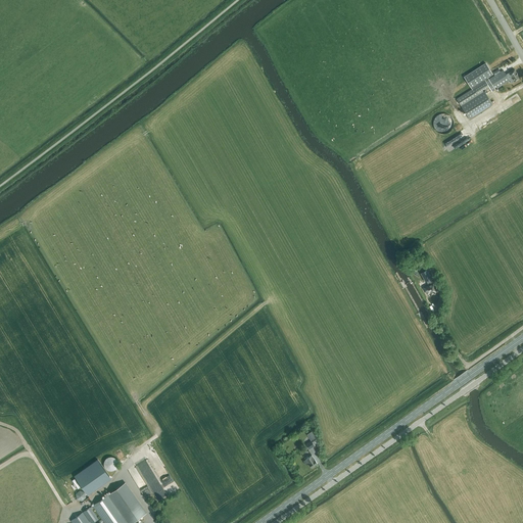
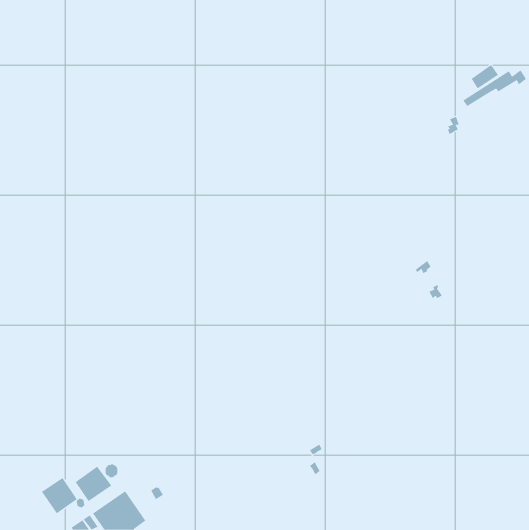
building: [460,91,491,120] -> none
building: none -> [41,477,77,514]

